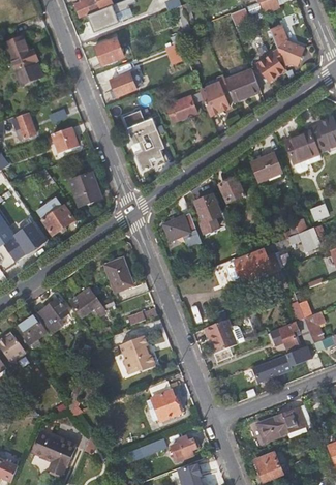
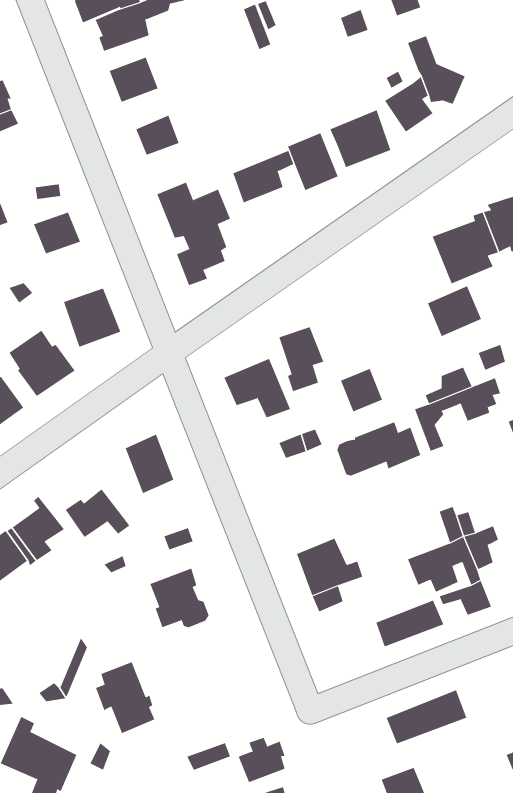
building: [250,152,282,182] -> [427,286,482,337]
building: [219,177,244,203] -> [340,368,383,412]
building: [145,378,180,421] -> [95,661,155,734]

